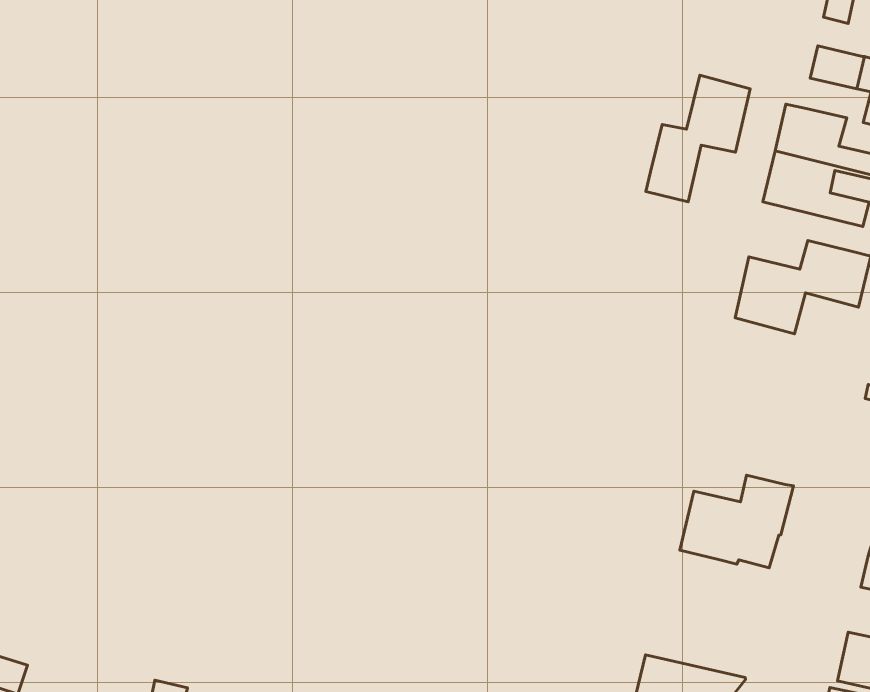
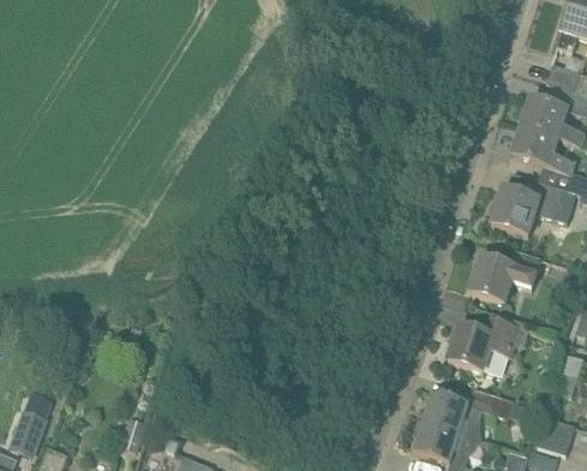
building: [646,75,750,202] -> none
building: none -> [469,249,541,303]
building: none -> [423,388,514,440]

